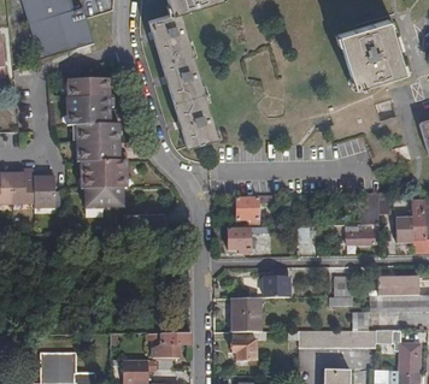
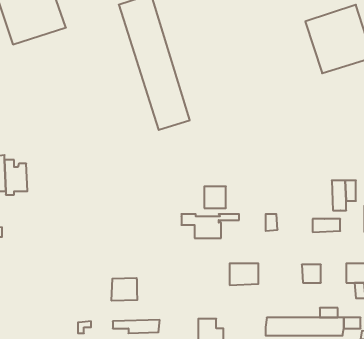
building: [67,77,129,207] -> none
building: none -> [112,278,137,301]
building: [229,297,260,331] -> none

